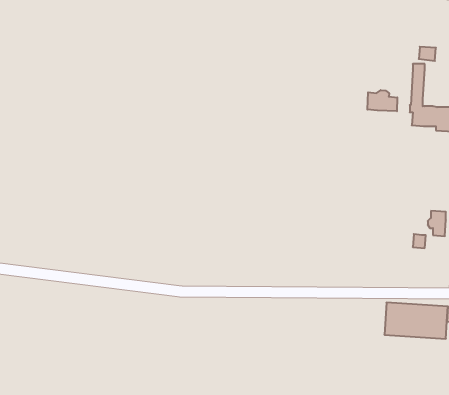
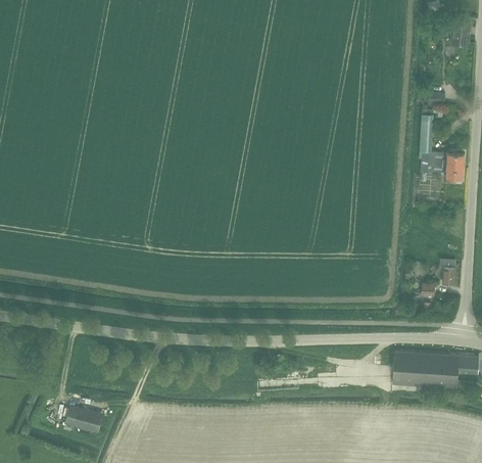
building: [367,90,397,111] -> none
building: none -> [65,405,103,432]

